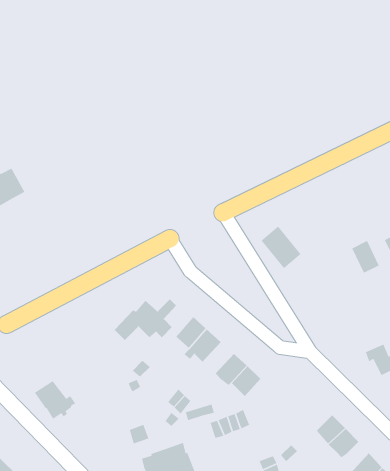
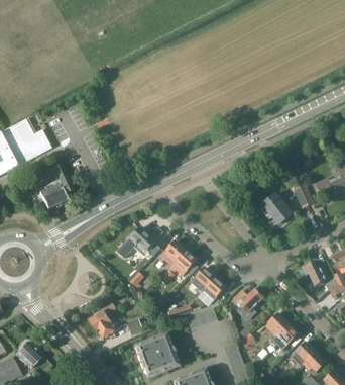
building: none -> [39,164,73,208]
building: [261,226,301,269] -> [262,192,293,224]
building: [34,380,76,420] -> [89,310,120,340]
building: none -> [233,288,263,312]

